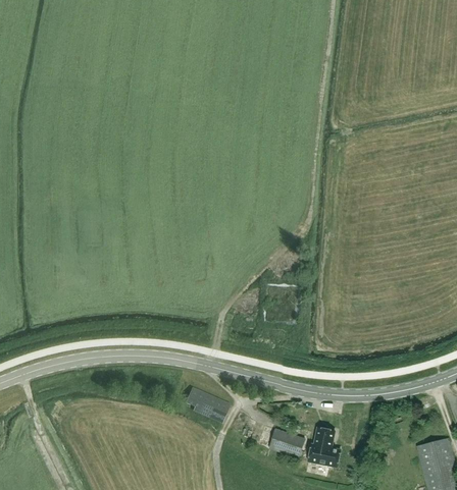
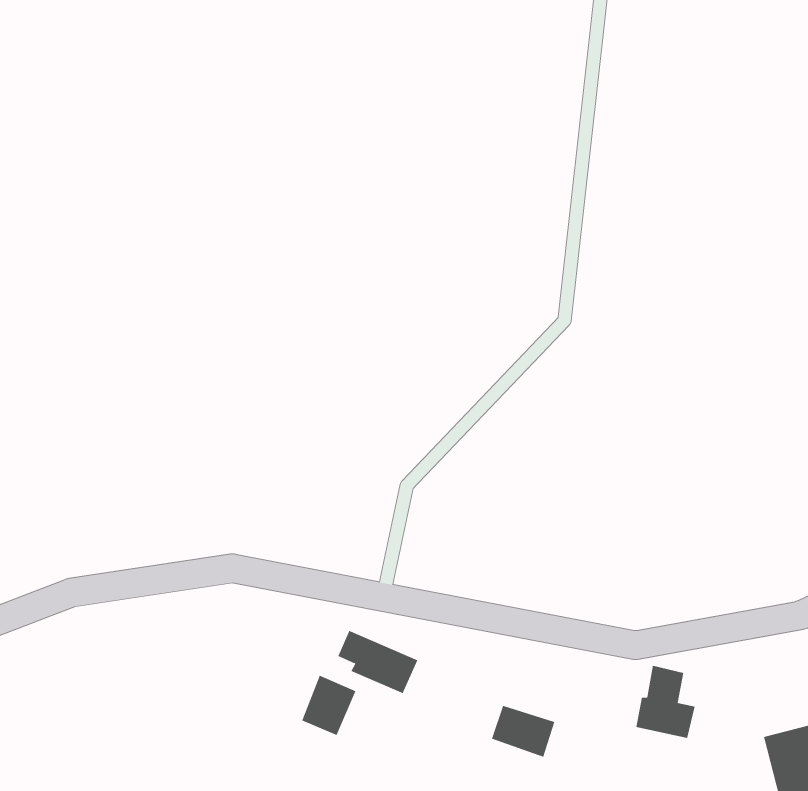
building: none -> [302,675,356,736]
building: [308,426,341,466] -> [635,665,695,738]

